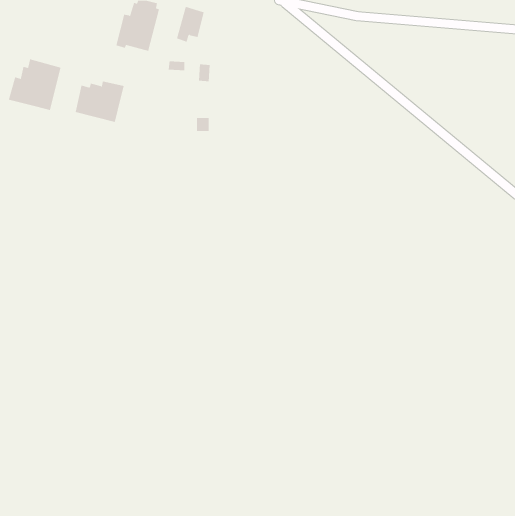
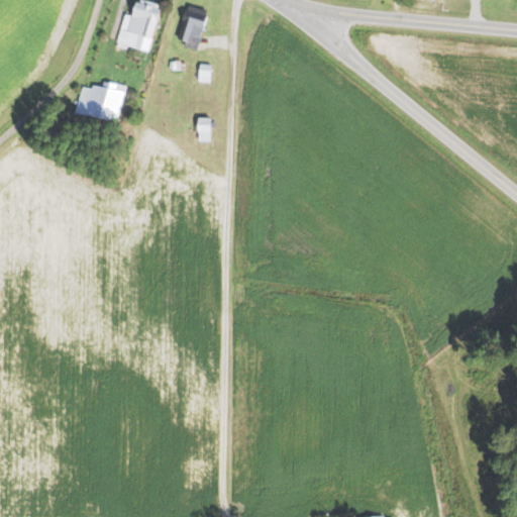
building: [8,59,61,111] -> none

